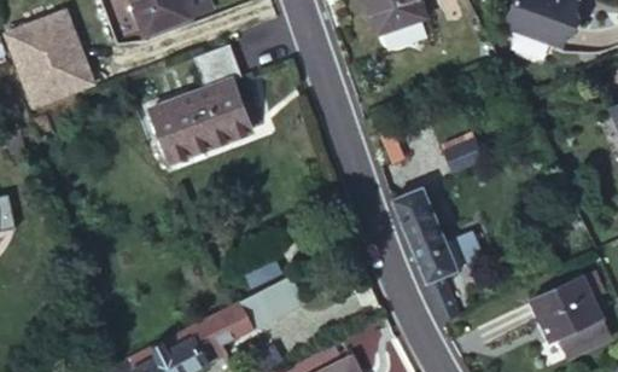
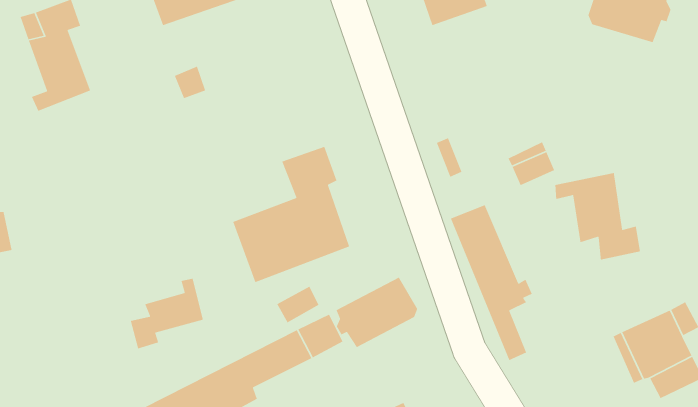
building: [150,43,251,162] -> [232,146,350,283]
building: none -> [555,172,641,261]
building: none -> [336,277,418,348]
building: none -> [130,278,204,349]

